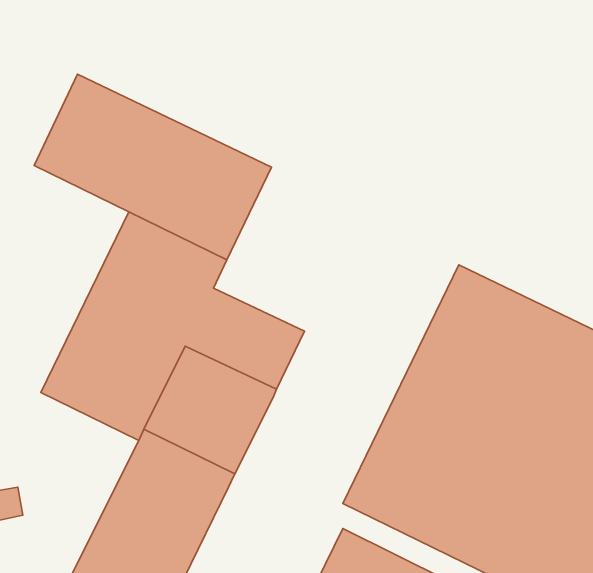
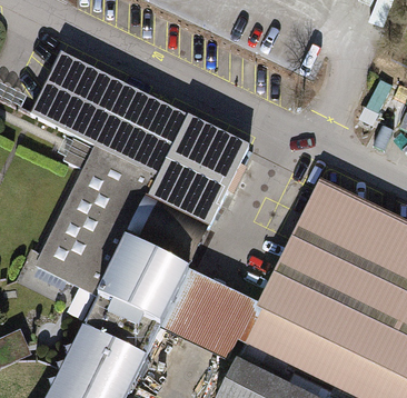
building: none -> [151,113,251,223]
building: none -> [161,268,254,360]

